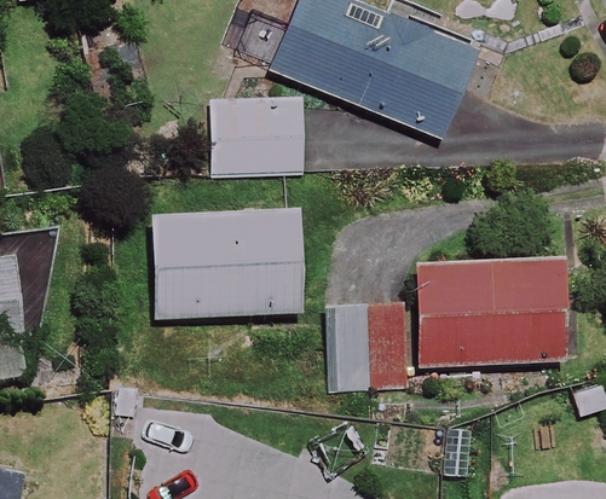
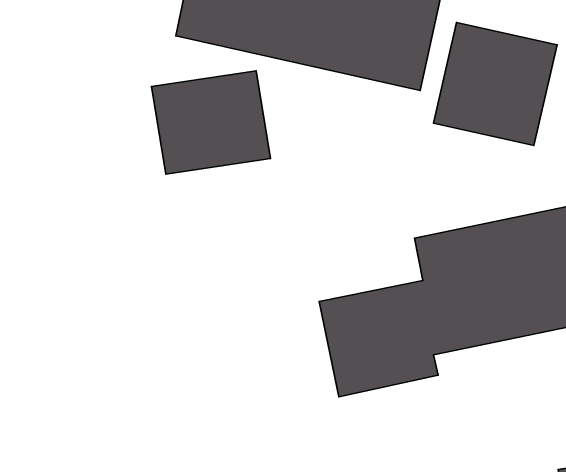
building: none -> [433,23,557,145]
building: [152,210,301,317] -> none

